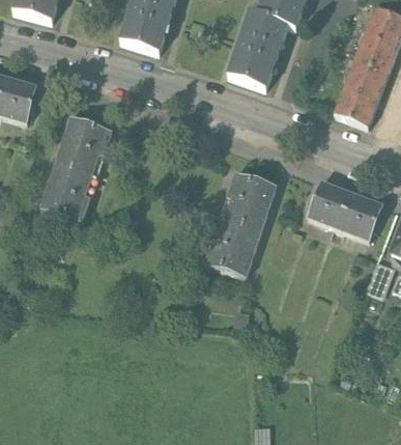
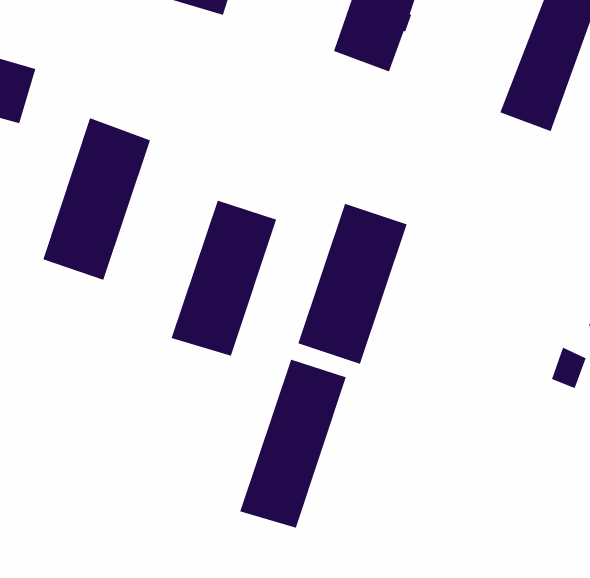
building: none -> [171,200,277,356]
building: [307,179,382,239] -> none
building: none -> [239,359,347,528]

